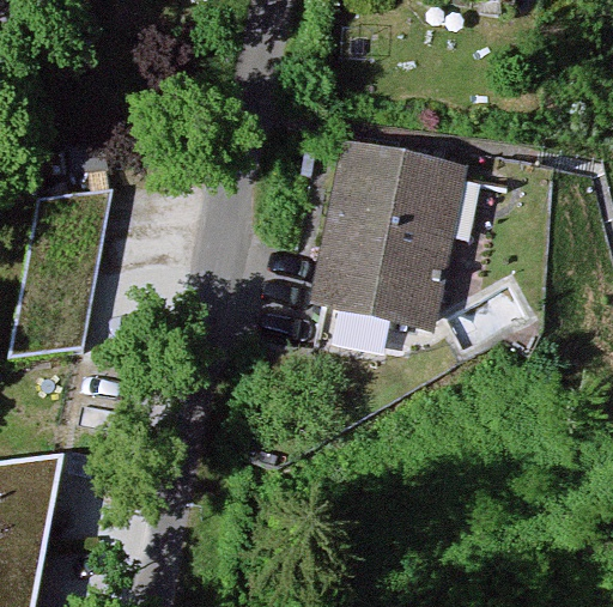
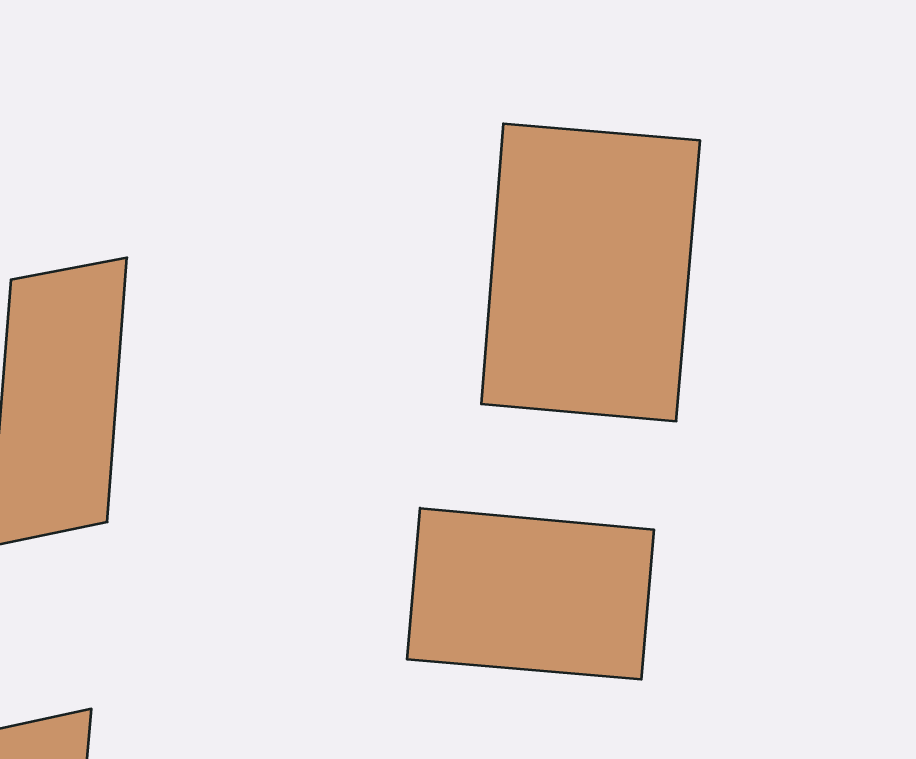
building: none -> [407,508,654,679]

